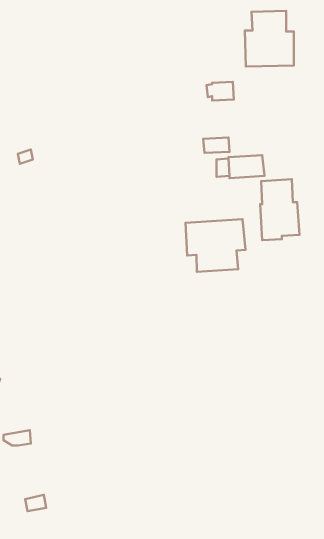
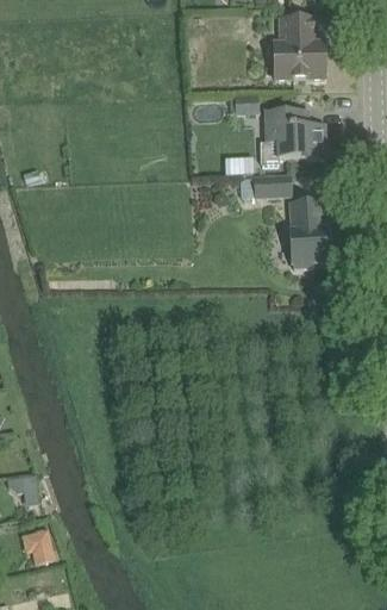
building: none -> [261,110,326,164]
building: [185,219,245,272] -> none

